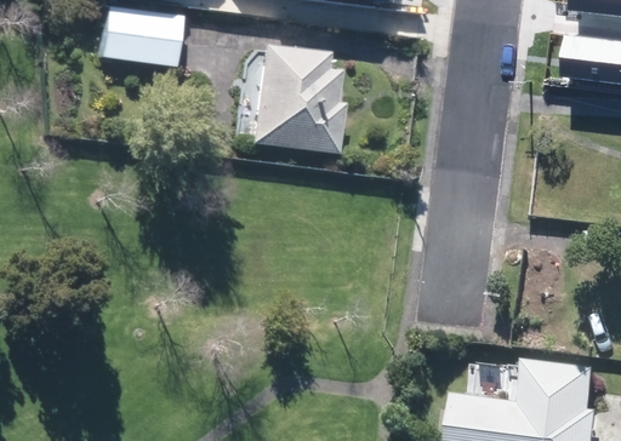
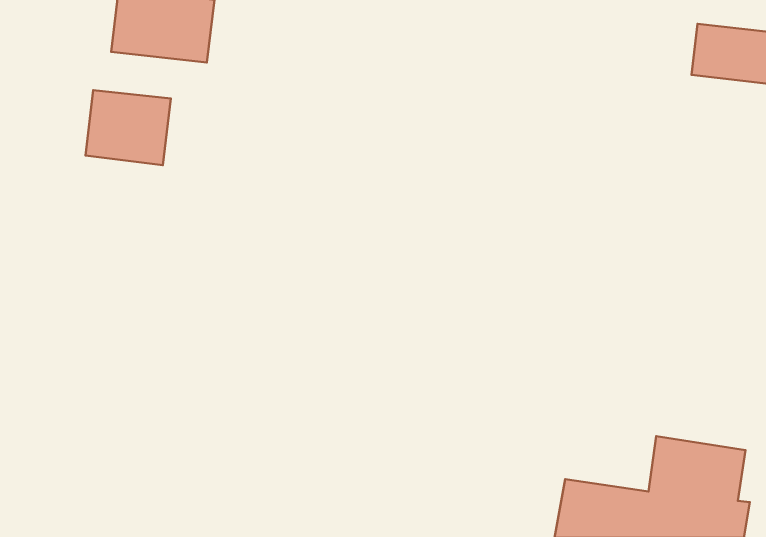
building: [247,44,349,155] -> none
building: none -> [85,90,171,165]

